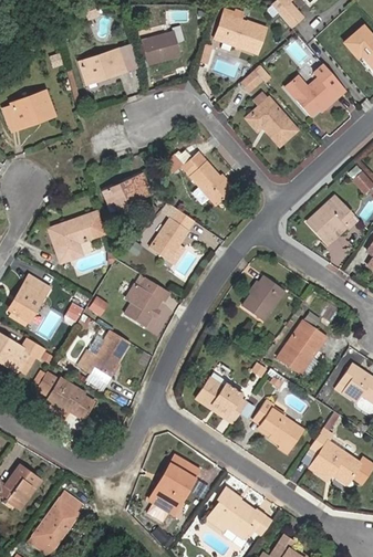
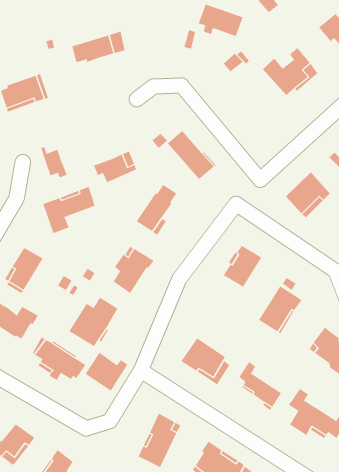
building: [143,24,182,63] -> none
building: [247,96,299,145] -> none
building: none -> [41,146,68,178]
building: none -> [85,352,128,392]

